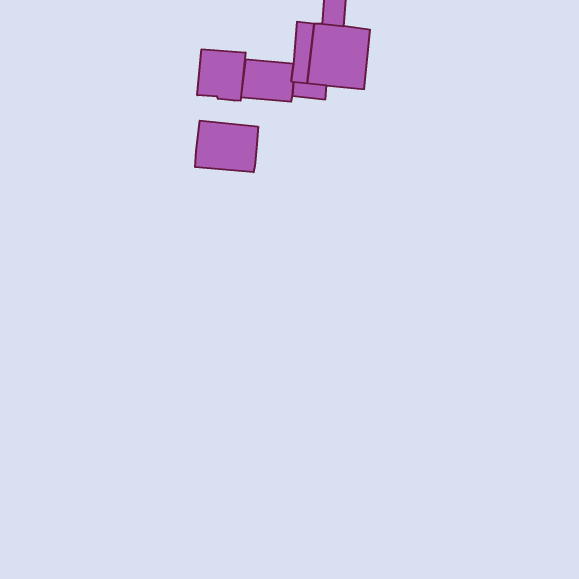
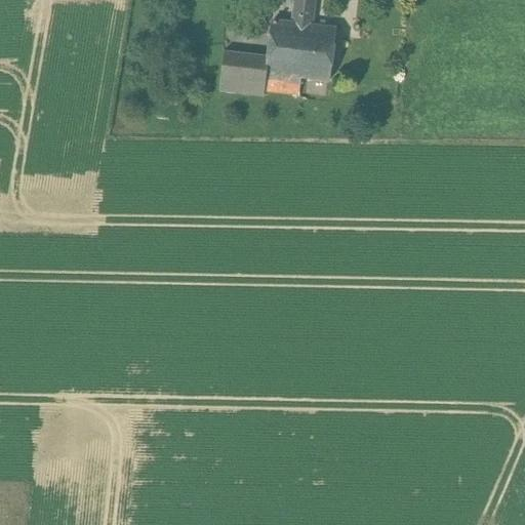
building: [197,49,245,101] -> none
building: [195,121,258,172] -> none

